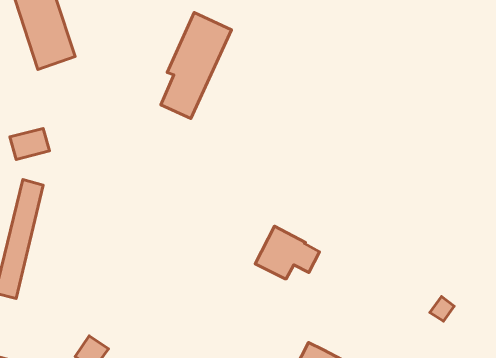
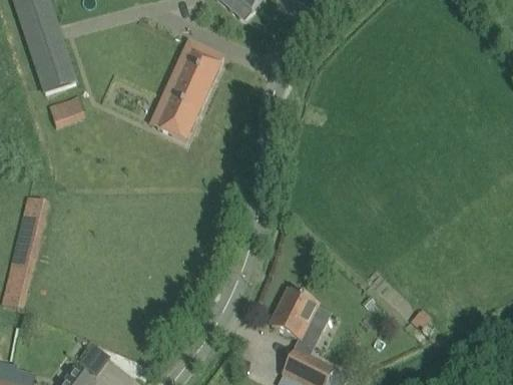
building: [10,128,49,159] -> [49,95,86,124]
building: [255,226,319,279] -> [271,289,331,338]

